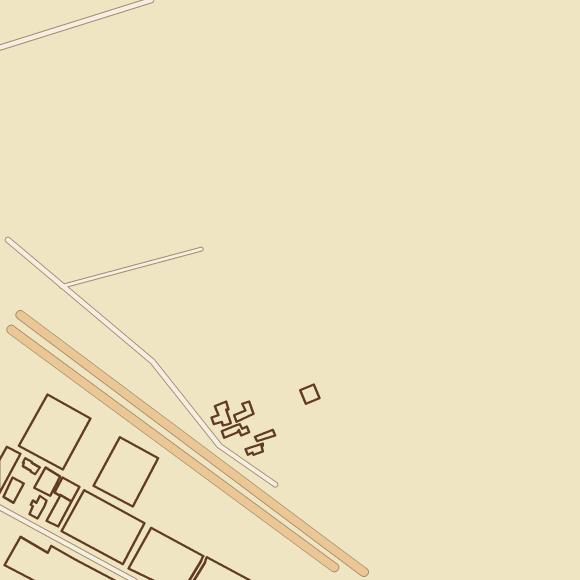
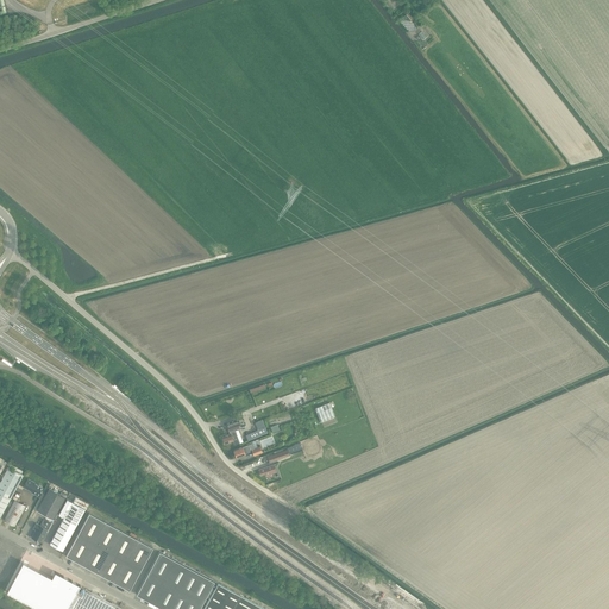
building: [19,394,90,470] -> none
building: [94,437,158,506] -> none

